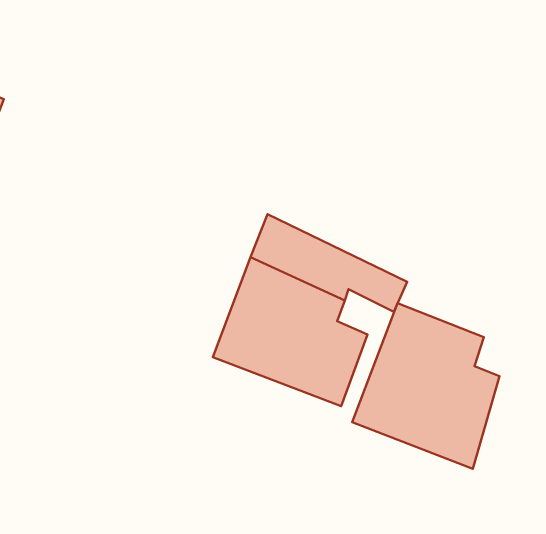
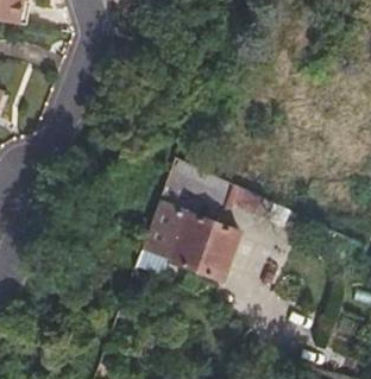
building: [352,303,499,469] -> none

